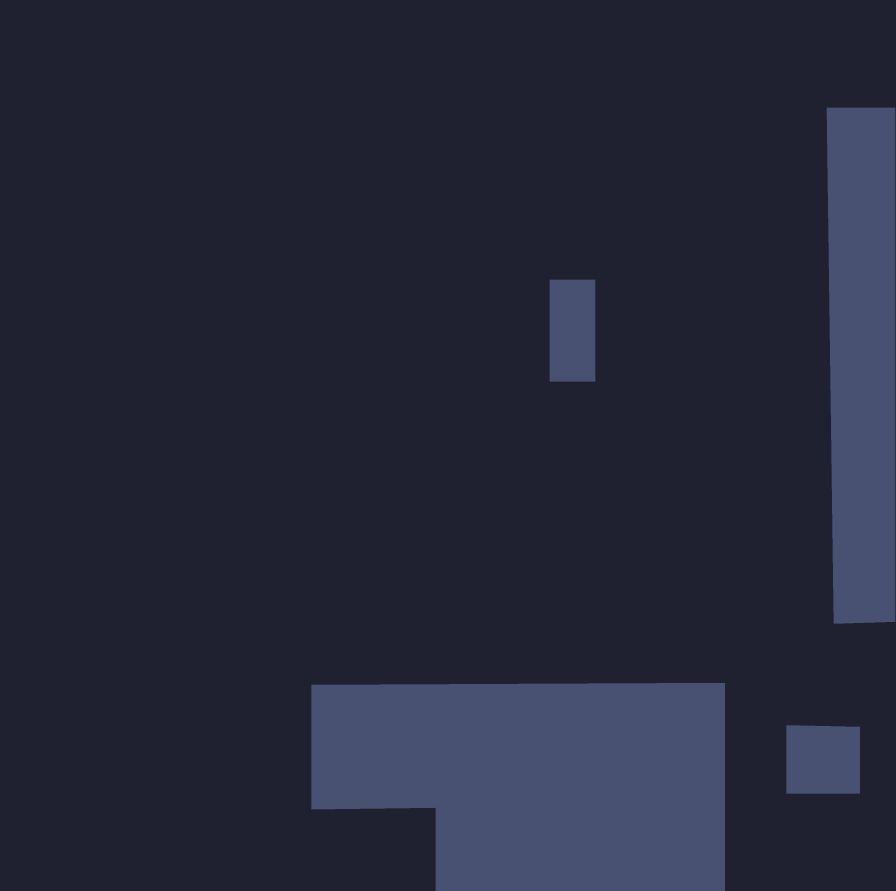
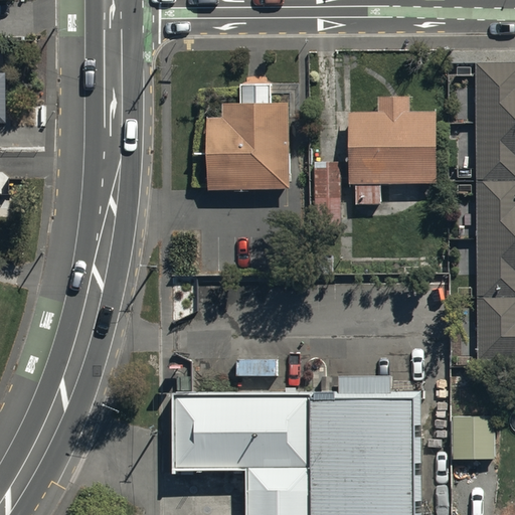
building: none -> [208,84,290,190]
building: none -> [348,97,437,207]

